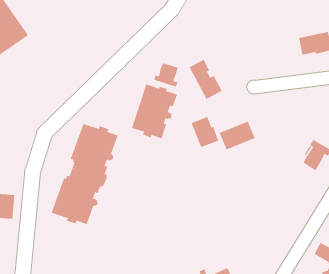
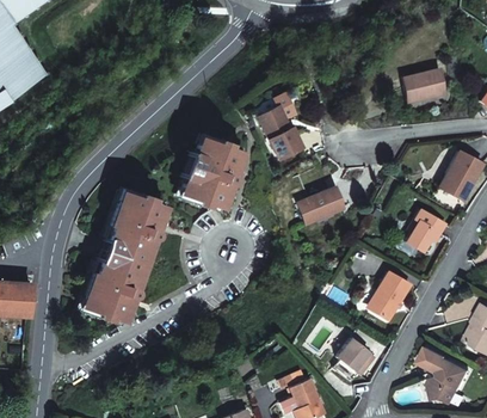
building: [154,63,179,87] -> none
building: [191,116,219,148] -> none
building: none -> [371,271,409,319]
building: none -> [332,339,374,381]

